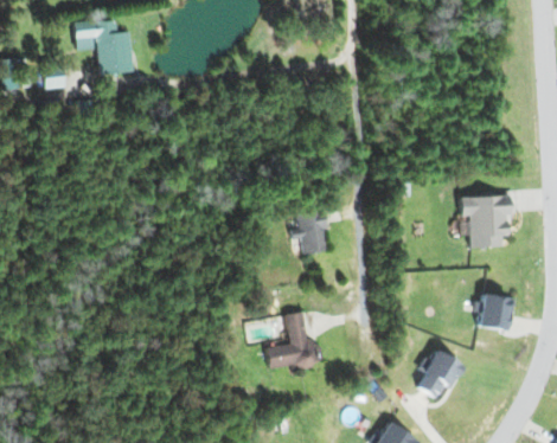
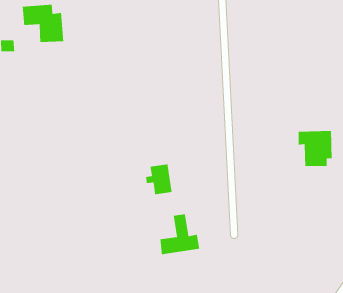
building: [290,211,328,255] -> [145,164,172,195]
building: [479,295,513,330] -> none
building: [416,351,463,399] -> none

